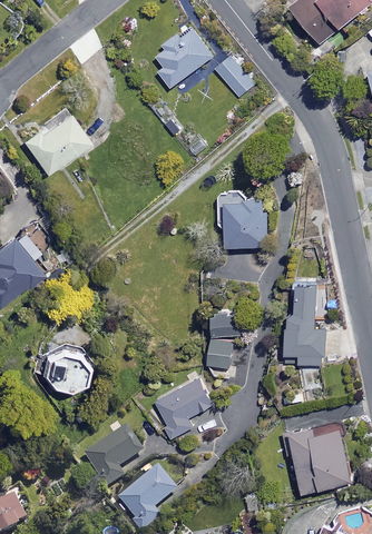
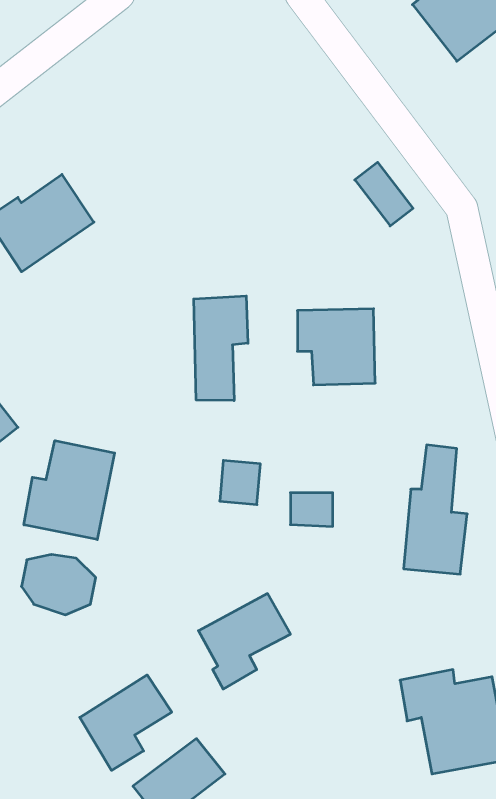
building: [156,29,214,88] -> none
building: [214,57,251,97] -> [355,162,413,226]
building: none -> [194,296,248,401]
building: none -> [24,441,115,540]
building: [207,339,233,367] -> [220,460,260,505]

